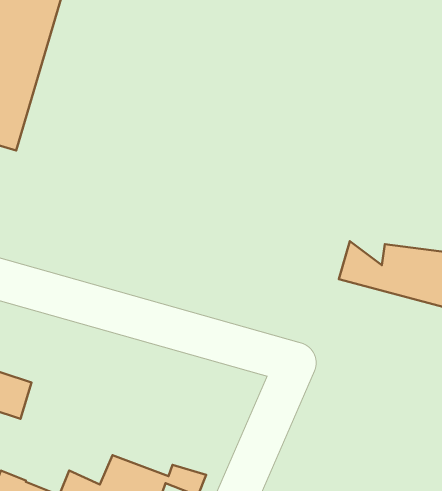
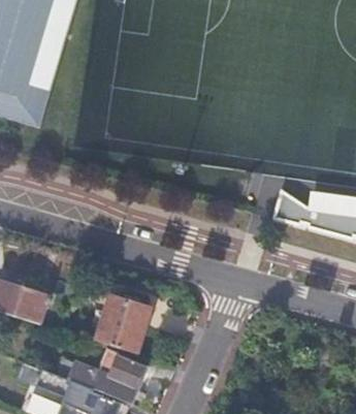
building: none -> [97,297,150,353]

